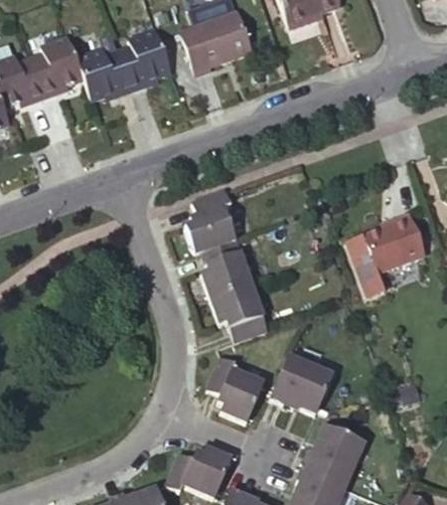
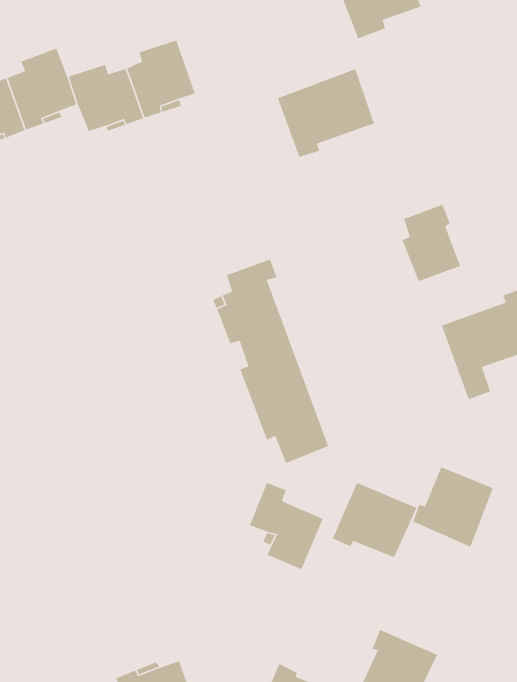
building: [177,10,250,76] -> [277,68,375,158]
building: none -> [402,204,461,282]
building: [305,424,365,484] -> [412,466,494,548]
building: [167,447,233,497] -> none

